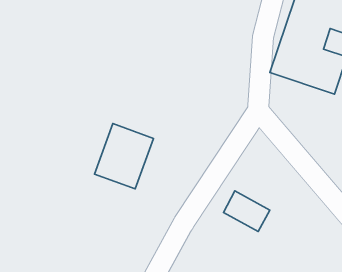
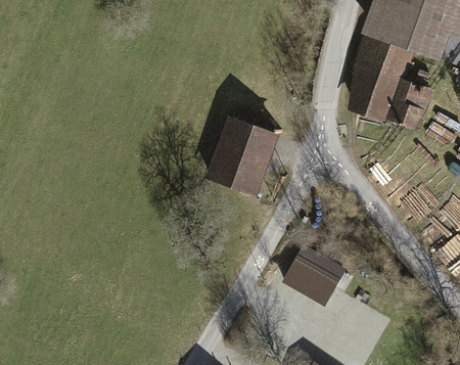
building: [95,123,153,189] -> [204,113,277,194]

